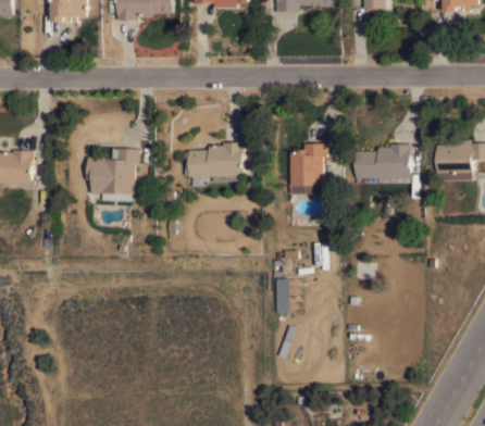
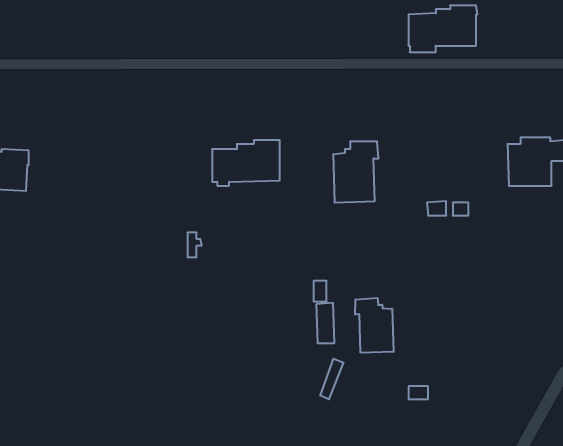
building: [353,145,411,184] -> [408,5,477,52]
building: [85,148,139,202] -> none
building: none -> [355,298,393,353]

